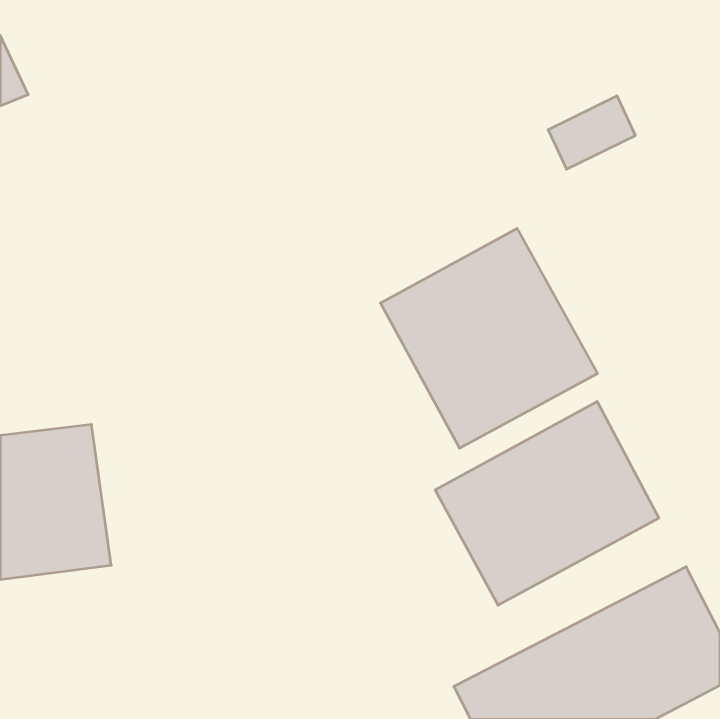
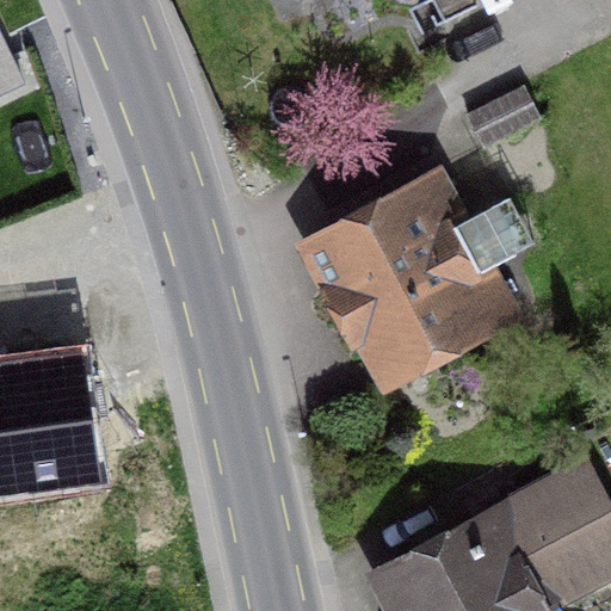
building: [435,401,659,605] -> none

